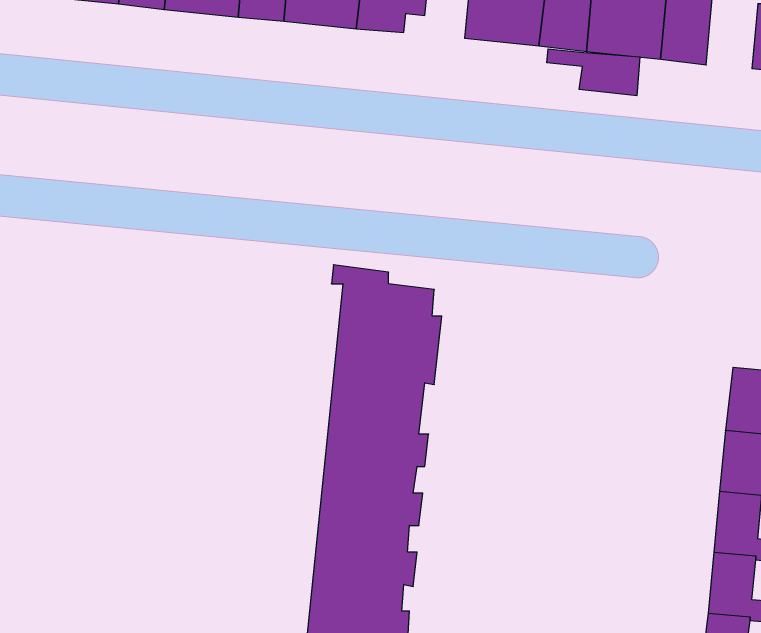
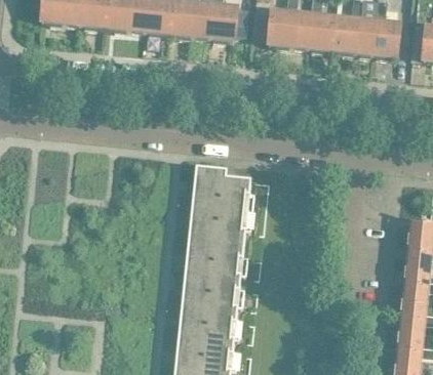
building: [547,49,640,96] -> none

